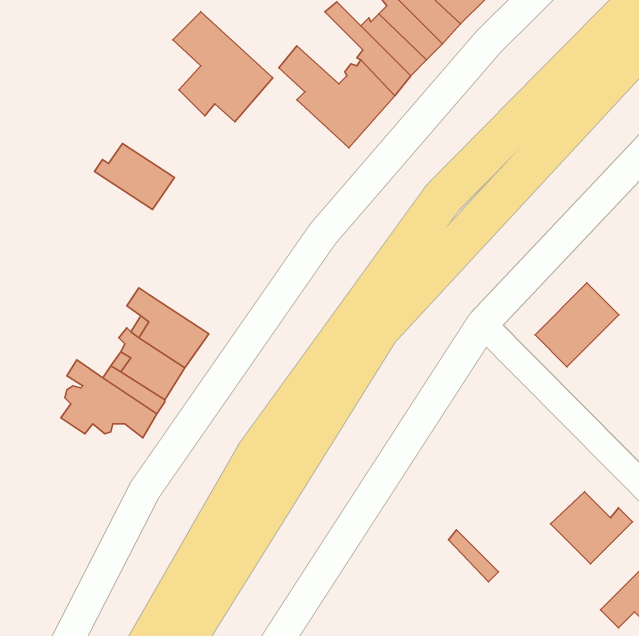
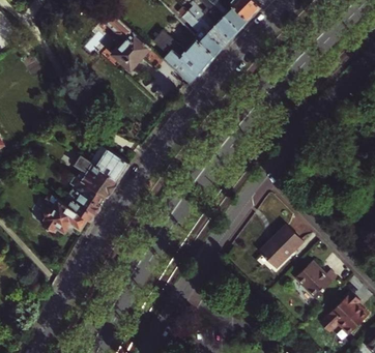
building: [94,144,174,210] -> [87,146,128,180]
building: [535,283,619,367] -> [259,225,302,268]

